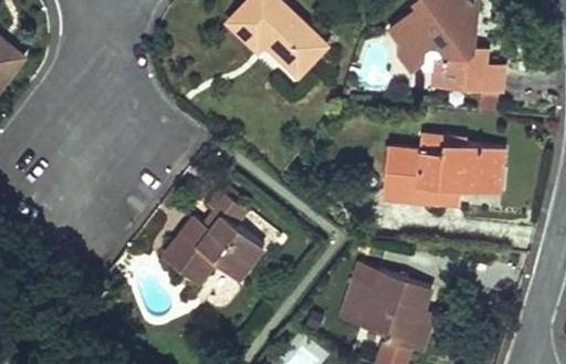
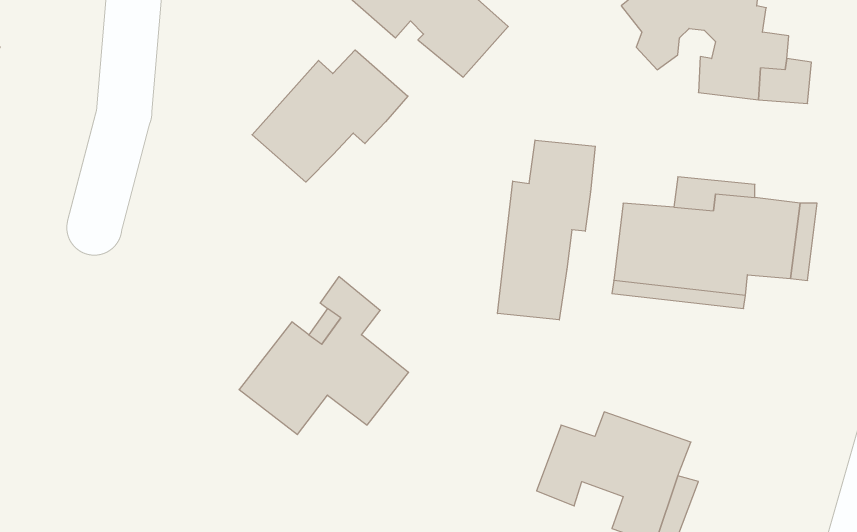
building: none -> [252,50,408,182]
building: none -> [498,140,595,320]

